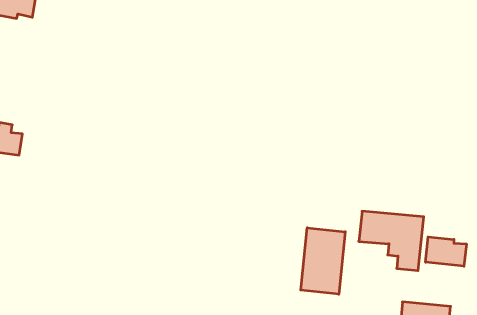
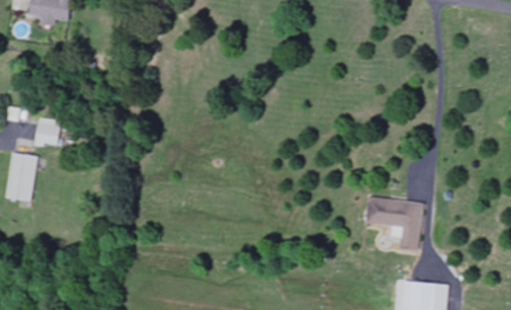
building: [301,228,345,294] -> none
building: [426,237,466,266] -> none

